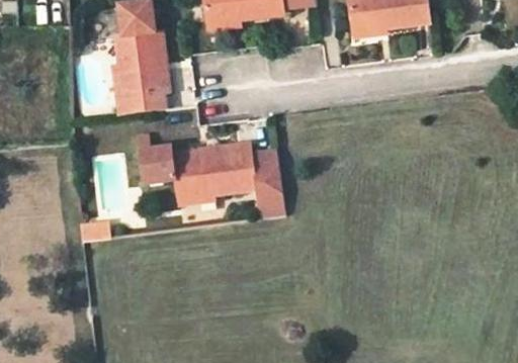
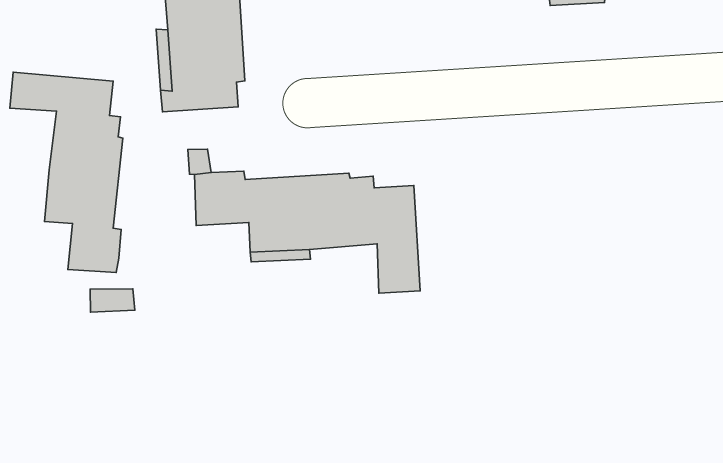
building: none -> [10,72,123,272]

